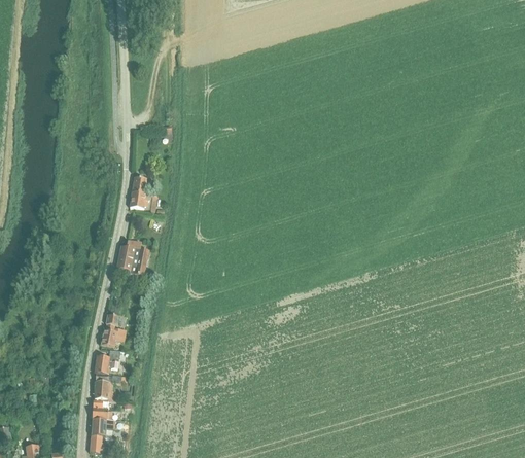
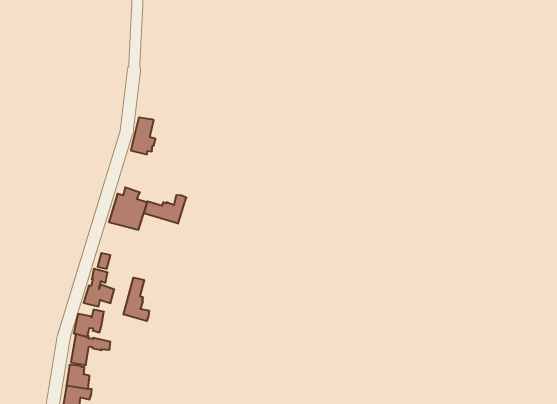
building: none -> [144,195,186,224]
building: none -> [124,278,149,321]

